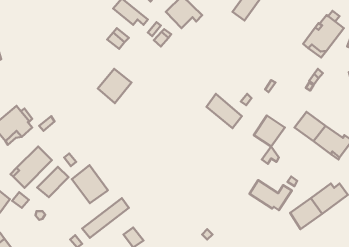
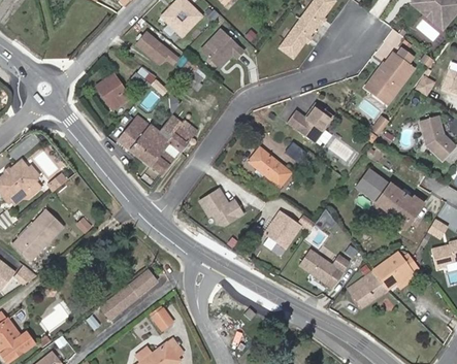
building: none -> [97,73,130,109]
building: none -> [287,102,334,142]
building: none -> [139,112,197,174]
building: [254,115,285,146] -> [264,211,301,249]
building: none -> [200,188,243,224]
building: [72,165,108,203] -> none
building: [37,167,68,197] -> none

